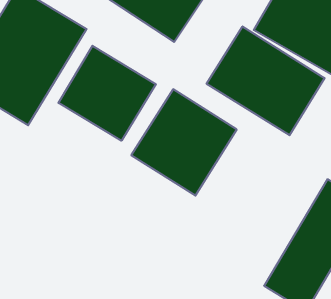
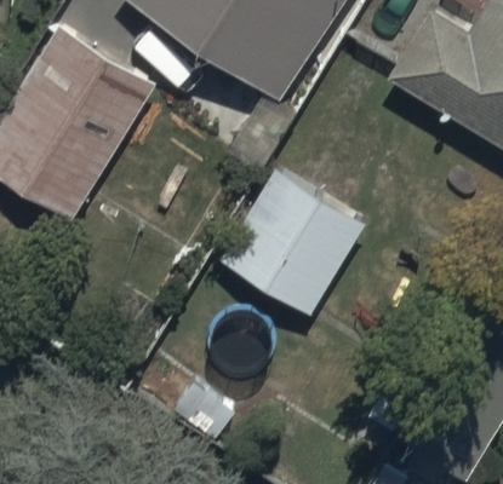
building: [207,26,325,135] -> none
building: [58,46,156,141] -> none

